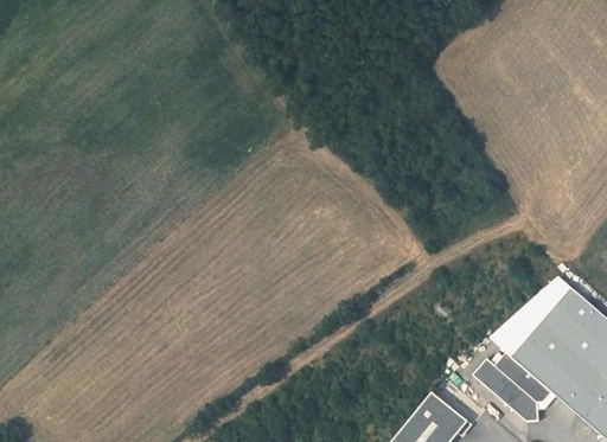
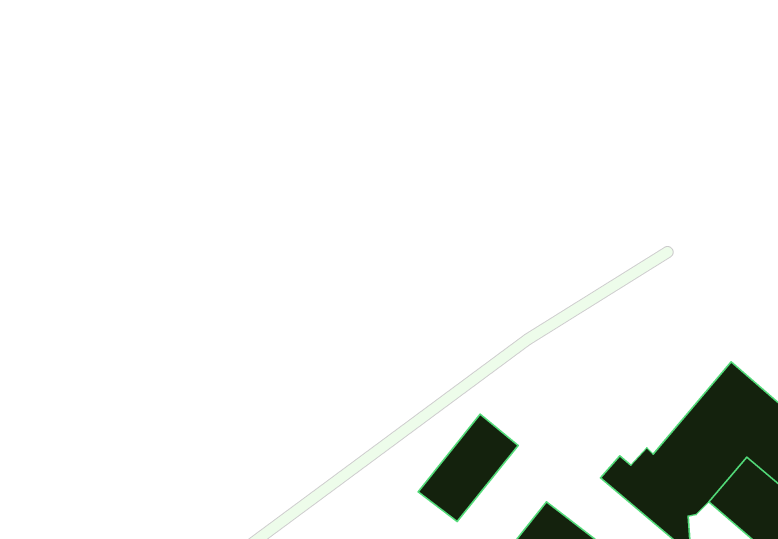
building: [491,278,570,357] -> none
building: none -> [418,414,518,521]

